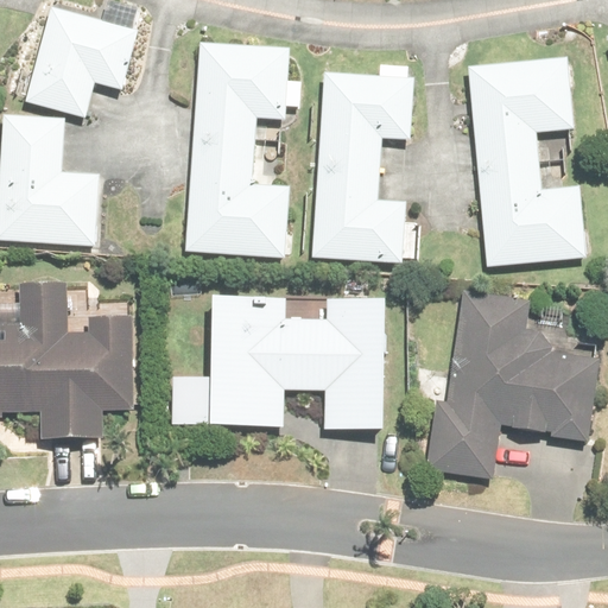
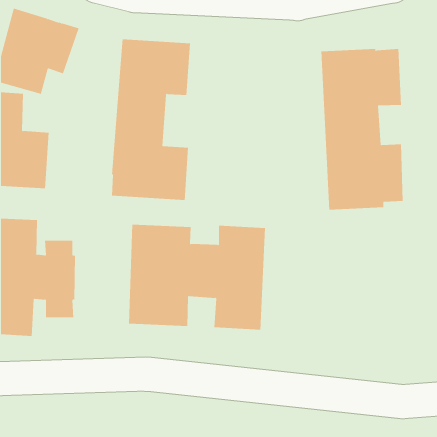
building: [293,81,401,272] -> none
building: [410,293,587,490] -> none

